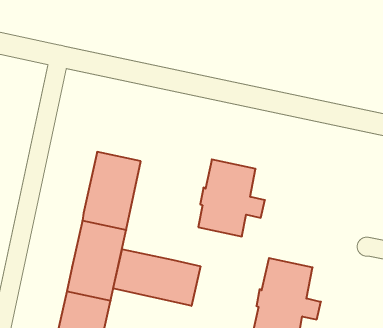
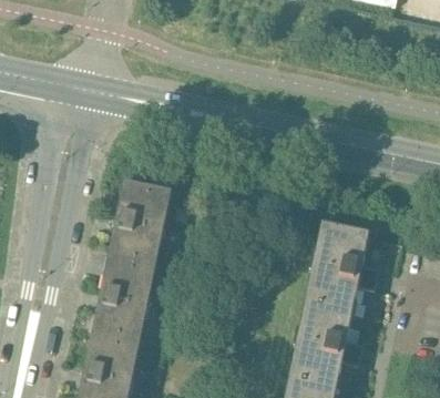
building: [198,159,265,236] -> [306,227,377,309]
building: [113,249,200,306] -> none

